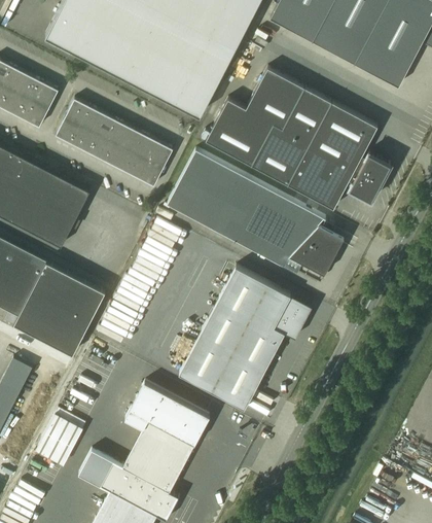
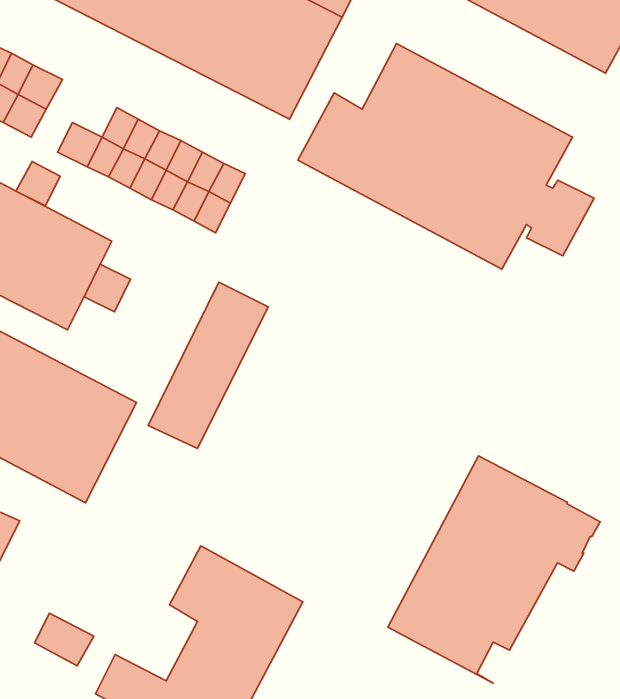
building: [64,99,92,127] -> [16,161,60,206]
building: [166,150,343,278] -> none
building: none -> [84,264,131,312]
building: [178,267,311,409] -> [388,456,600,683]

